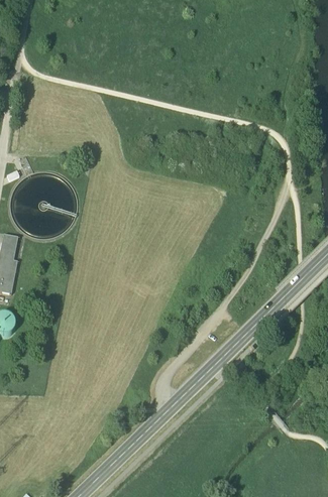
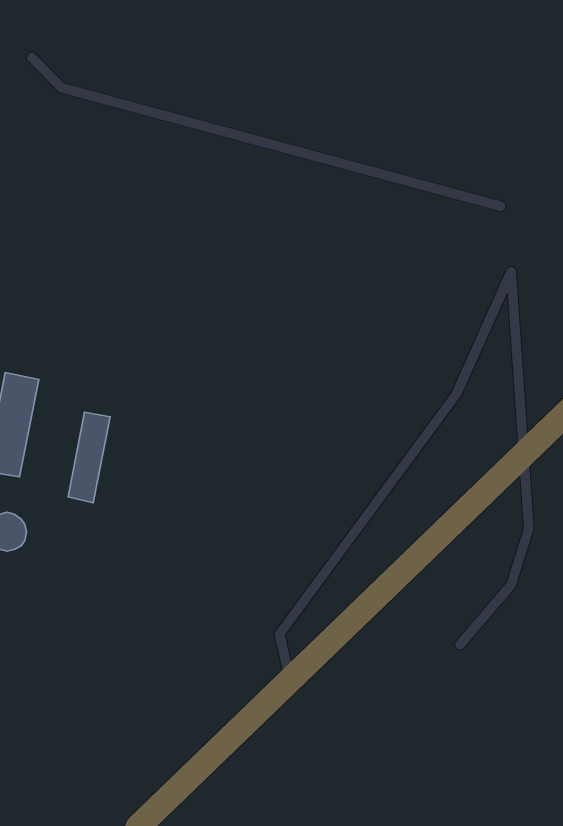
building: none -> [68,412,110,503]

